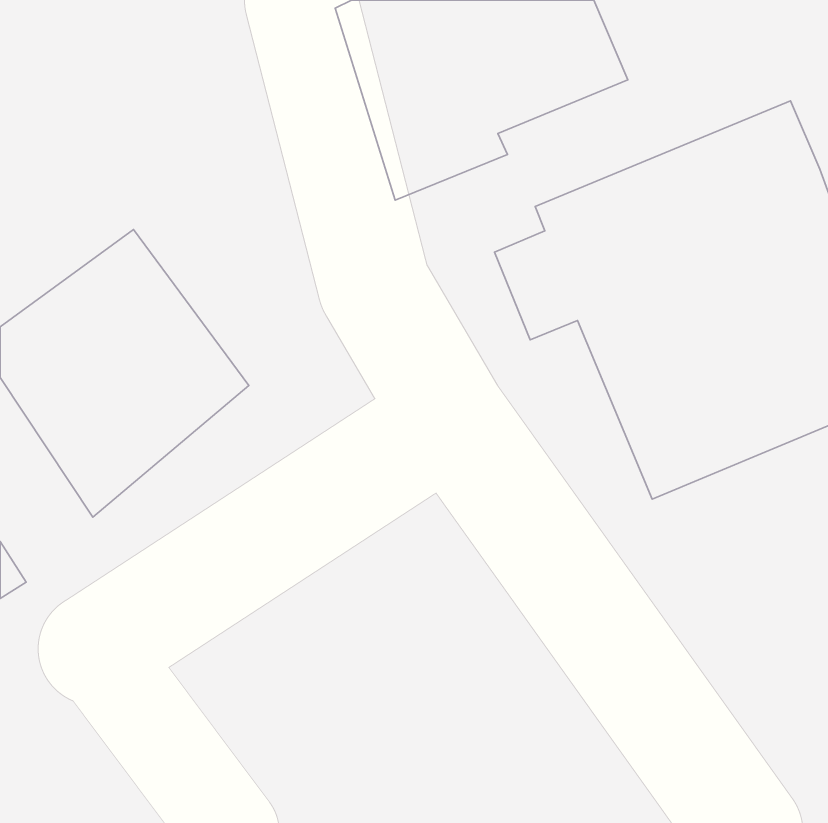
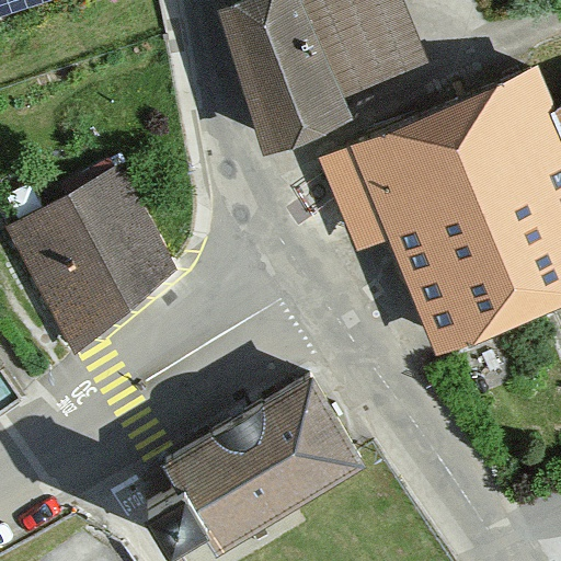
building: none -> [137,373,366,554]

